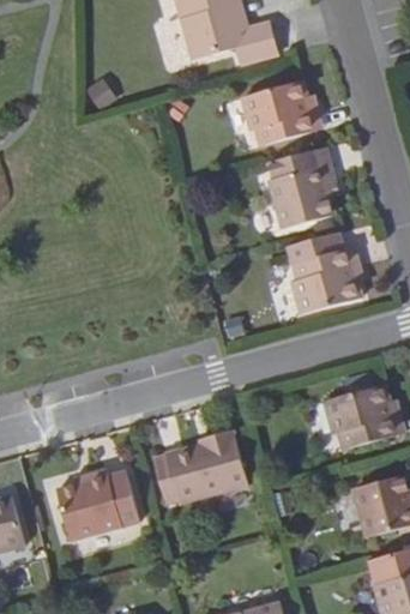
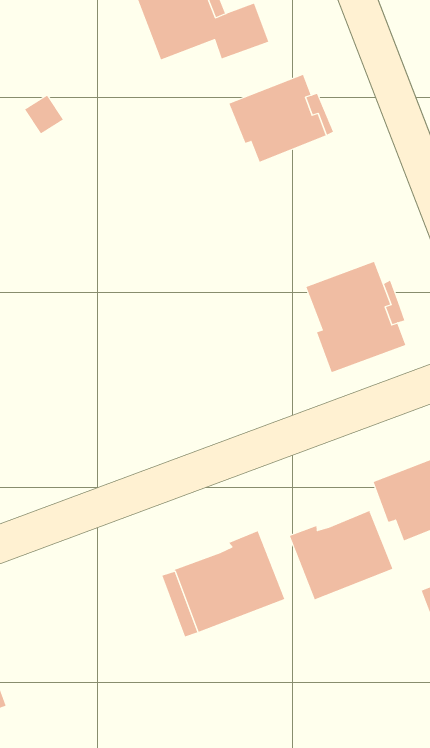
building: [269,163,334,228] -> none
building: none -> [289,510,393,600]
building: [55,470,138,540] -> none

